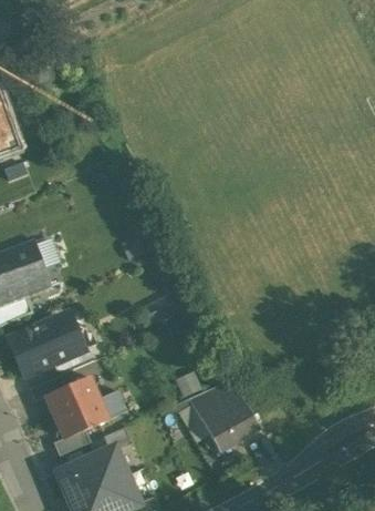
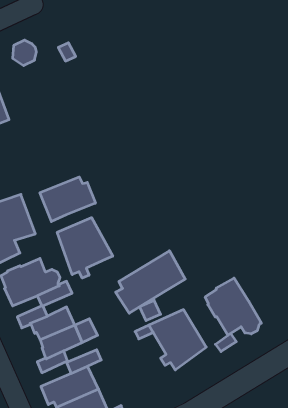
building: none -> [40,177,95,222]
building: none -> [57,218,113,278]
building: none -> [116,251,185,313]
building: none -> [205,278,261,335]

